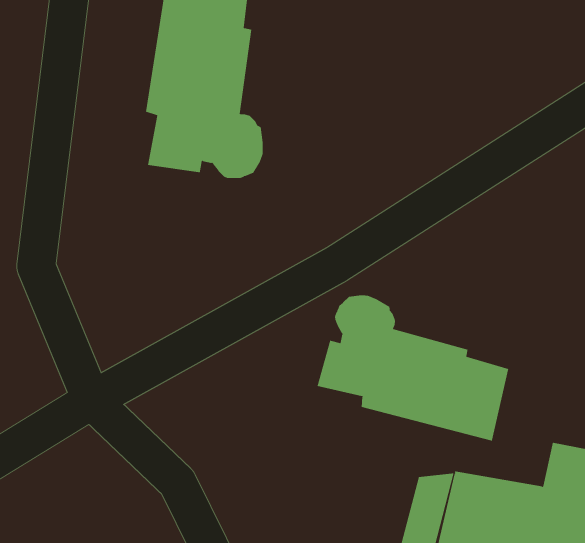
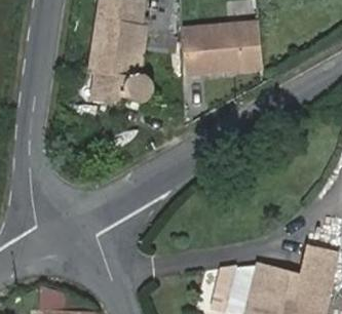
building: none -> [180,18,262,77]
building: [317,295,509,442] -> none

